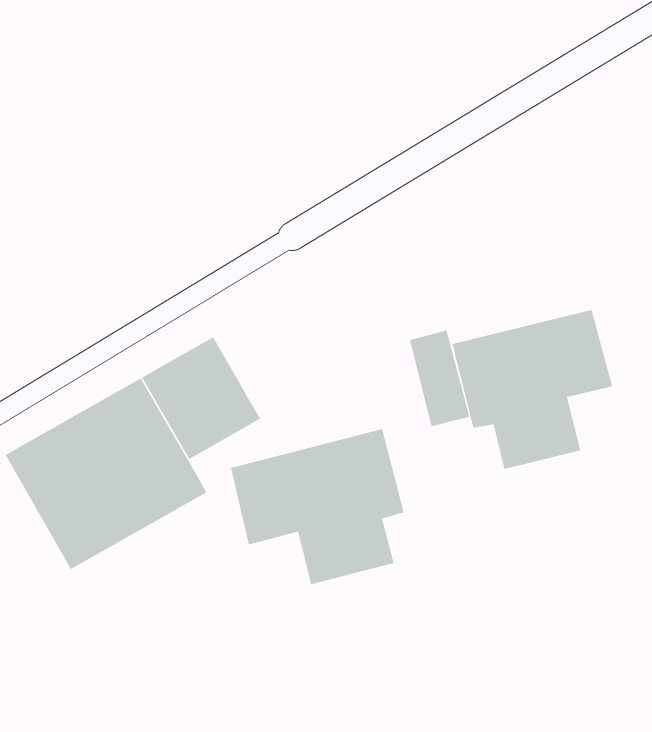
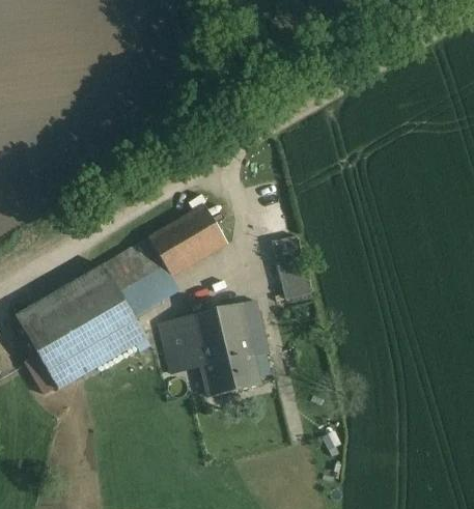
building: none -> [148,207,226,277]
building: [452,309,613,470] -> none

